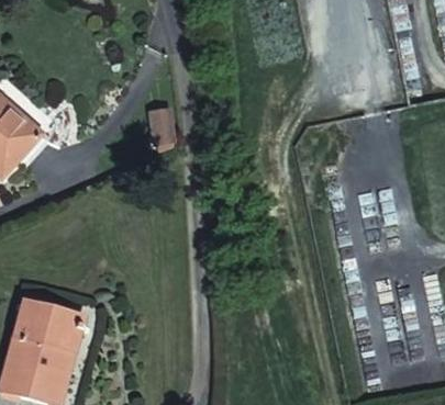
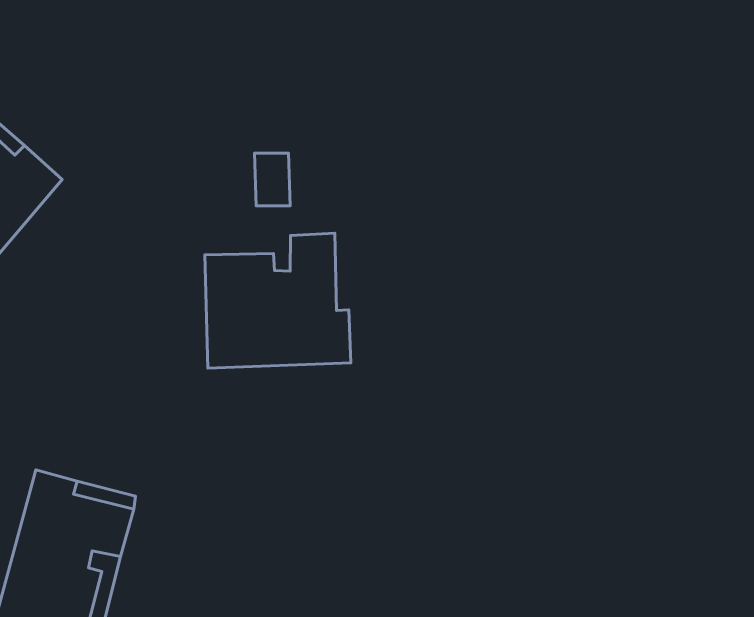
building: none -> [205,233,351,368]

